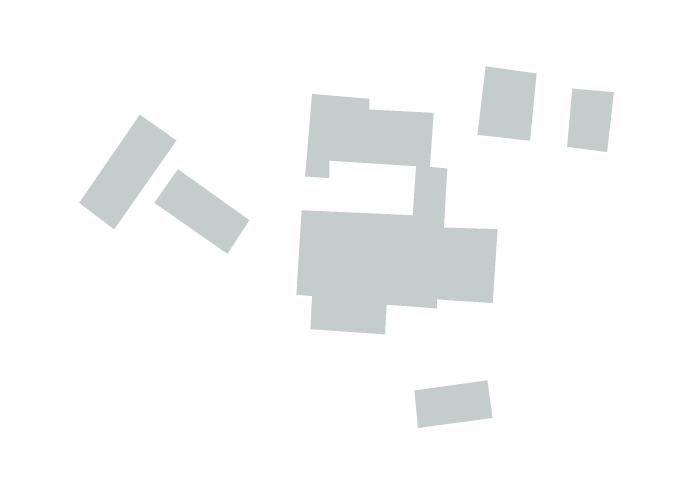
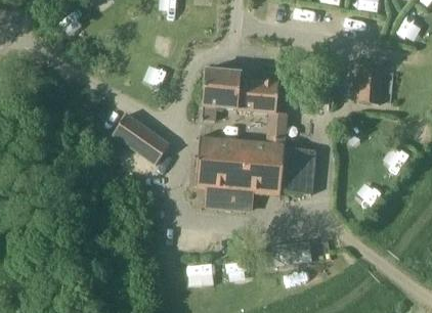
building: [477,66,537,142] -> none
building: [78,114,178,230] -> none

